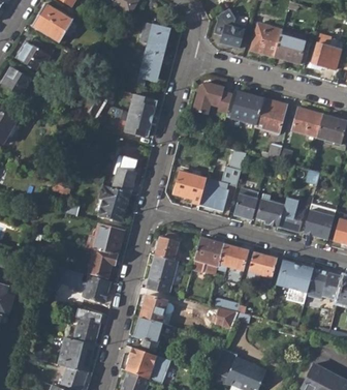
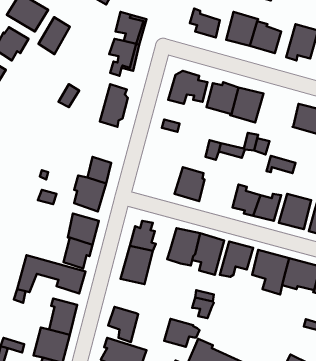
building: none -> [38,17,70,54]
building: [291,107,322,137] -> none
building: [172,170,207,204] -> none
building: [233,187,258,219] -> none
building: [138,295,174,323] -> [164,319,199,347]

